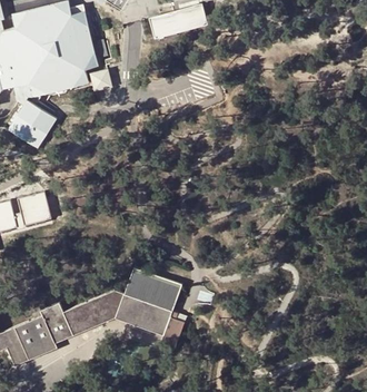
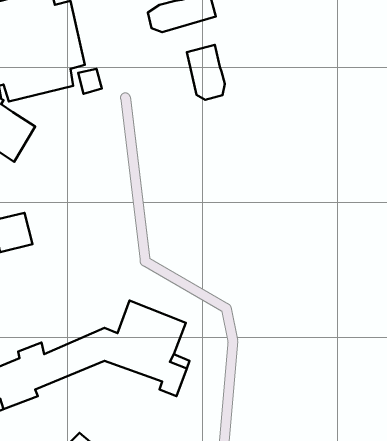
building: none -> [187,45,225,100]

